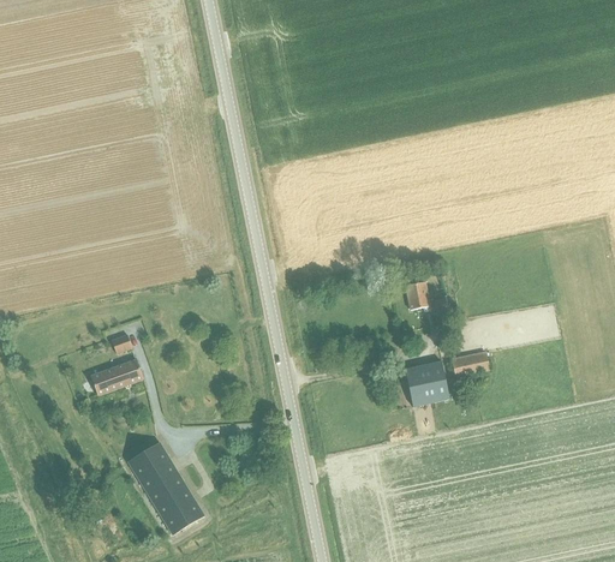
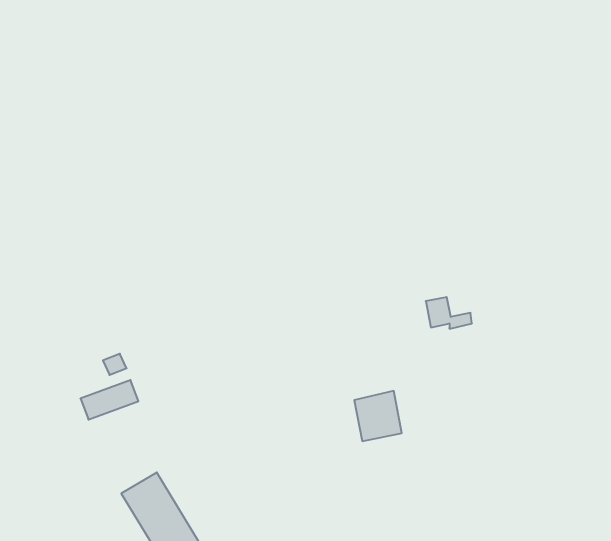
building: [450,351,489,377] -> none
building: [405,360,448,406] -> [354,391,402,441]

